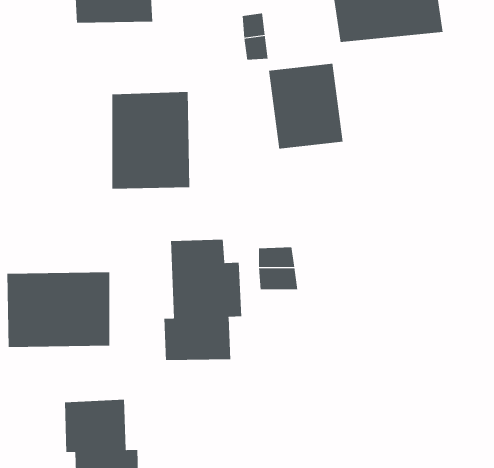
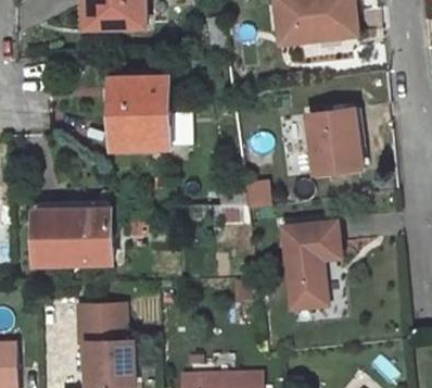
building: [268,63,344,149] -> [306,108,361,171]
building: [164,239,242,361] -> none
building: none -> [282,218,338,306]

